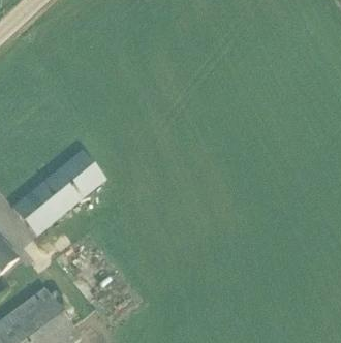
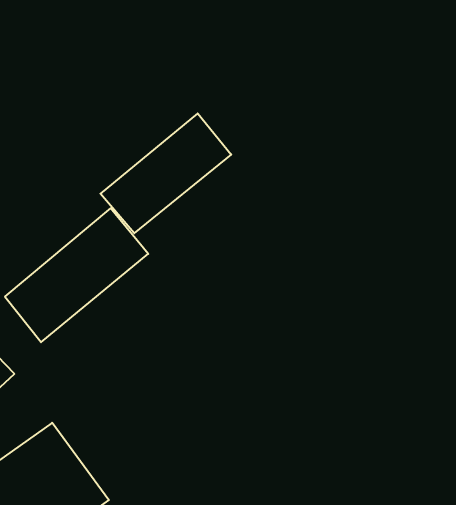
building: none -> [100,113,231,233]

